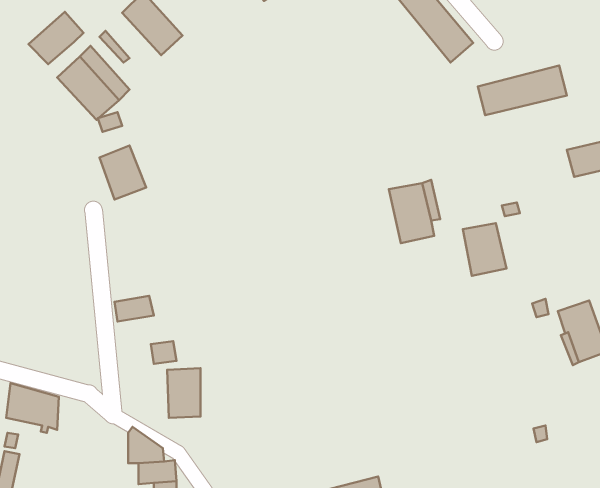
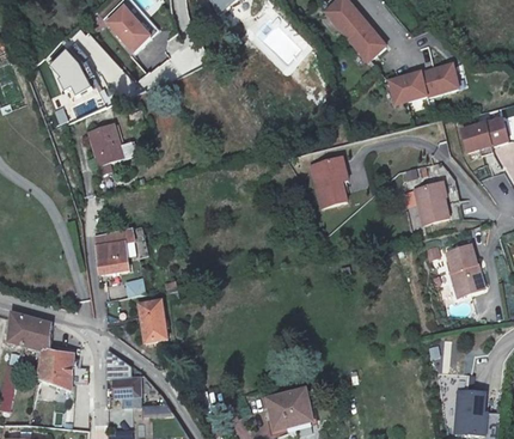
building: [29,12,84,64] -> none
building: [463,223,507,276] -> [417,176,452,218]
building: none -> [39,348,75,386]

